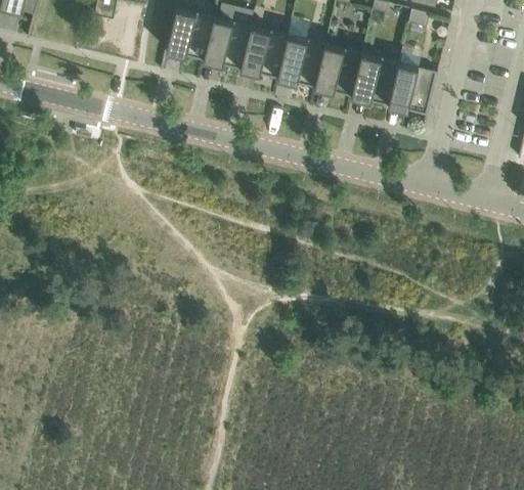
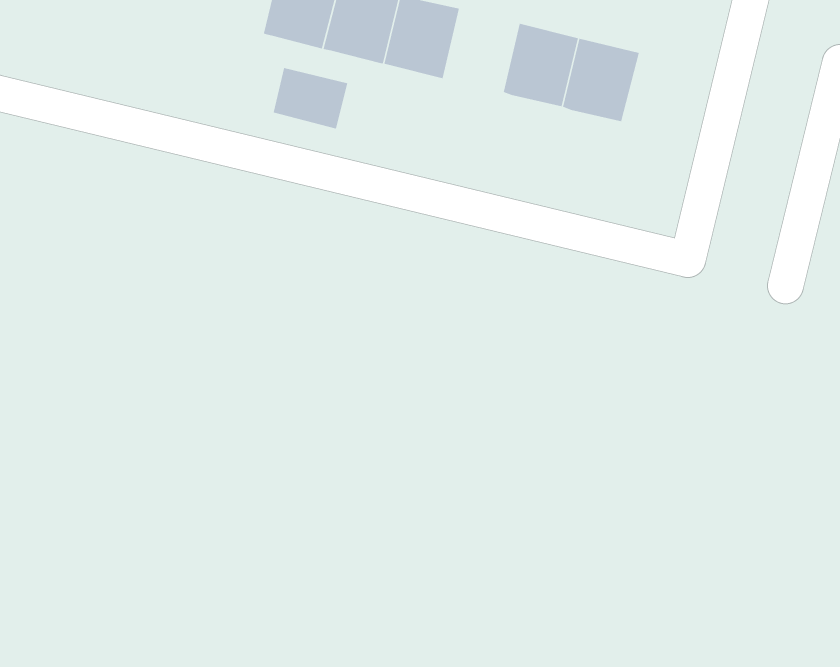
building: [274,34,321,86] -> none
building: [385,61,434,114] -> none
building: none -> [272,67,348,130]

